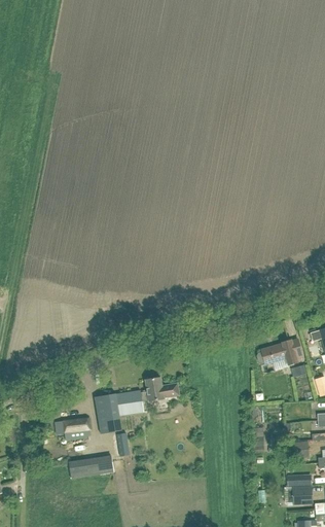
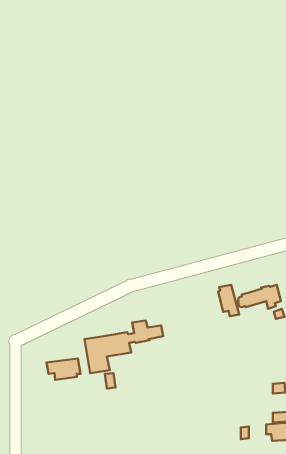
building: none -> [218,285,239,316]
building: [68,457,115,481] -> none

